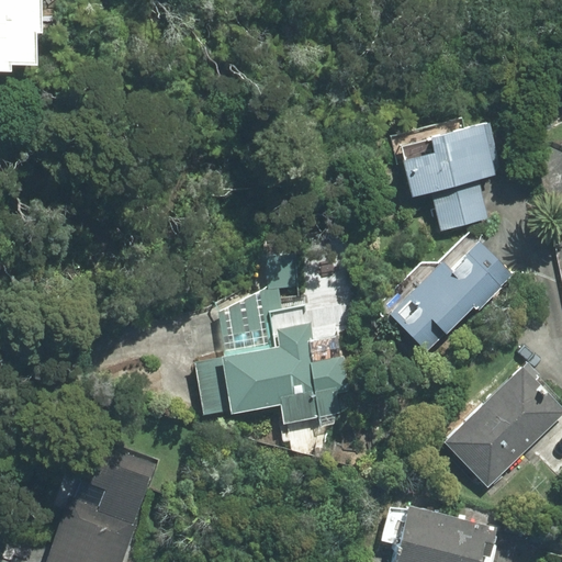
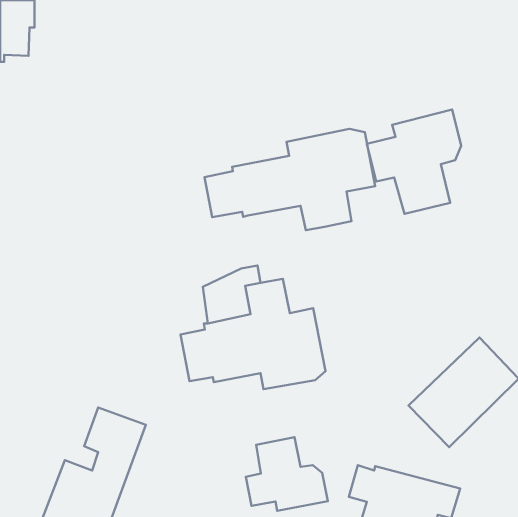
building: none -> [205,129,375,230]
building: [389,241,509,353] -> none
building: none -> [246,437,328,511]

